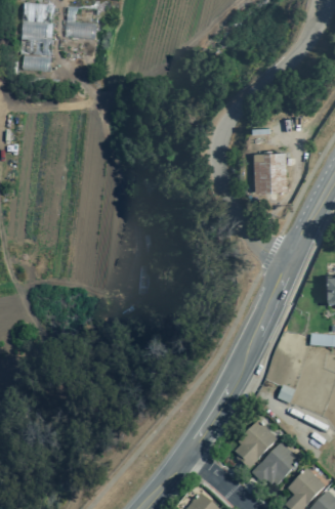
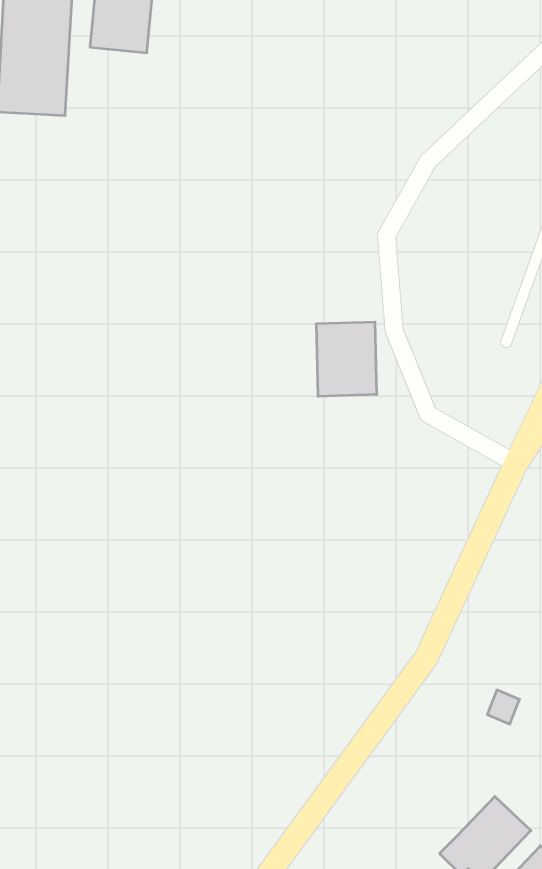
building: [254,153,287,193] -> [316,322,377,396]
building: [234,420,278,470] -> none

